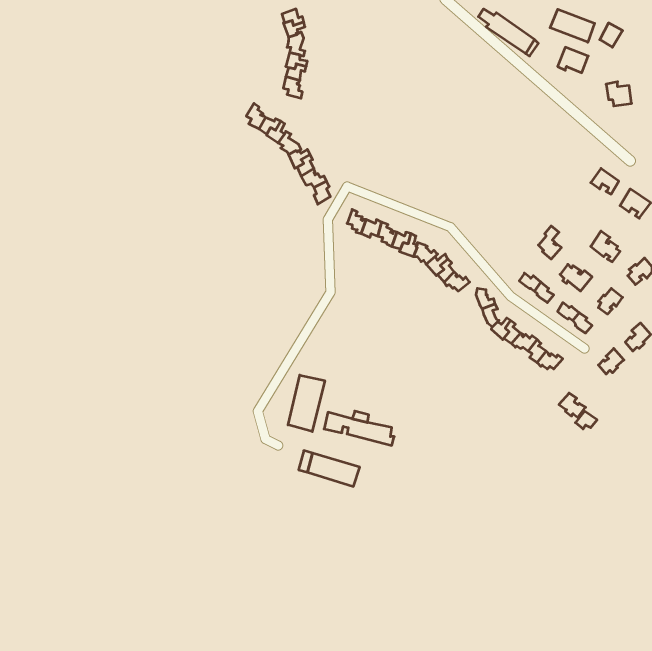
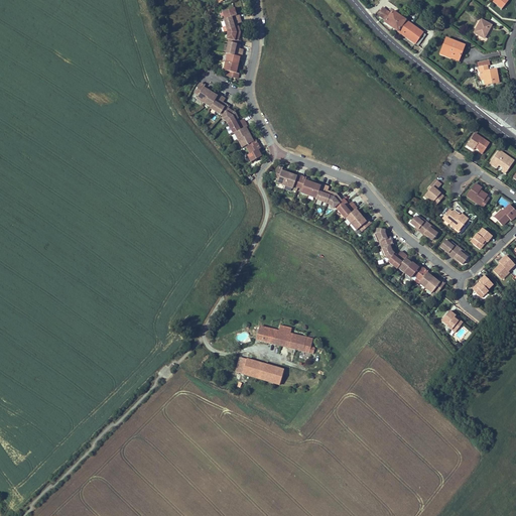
building: [550,9,595,42] -> none
building: [288,375,325,432] -> none

